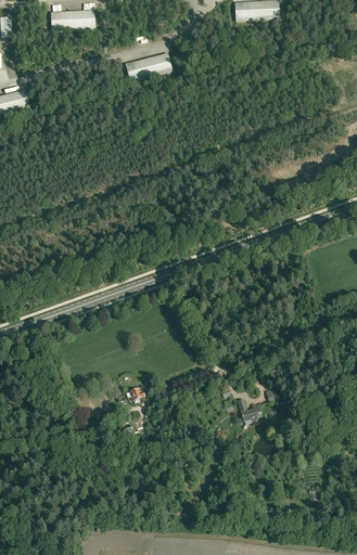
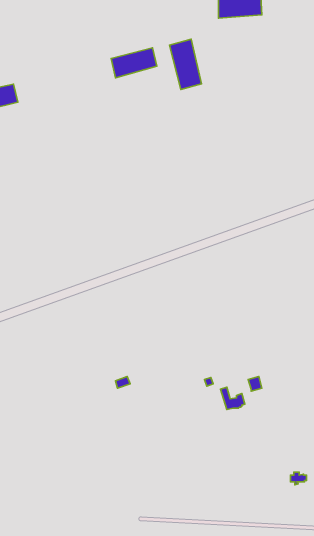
building: [48,9,94,29] -> none
building: none -> [170,39,202,90]

